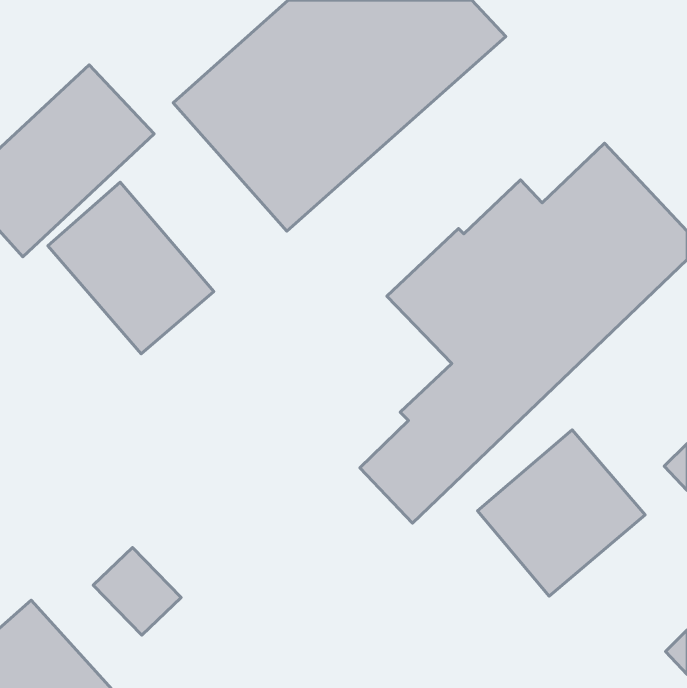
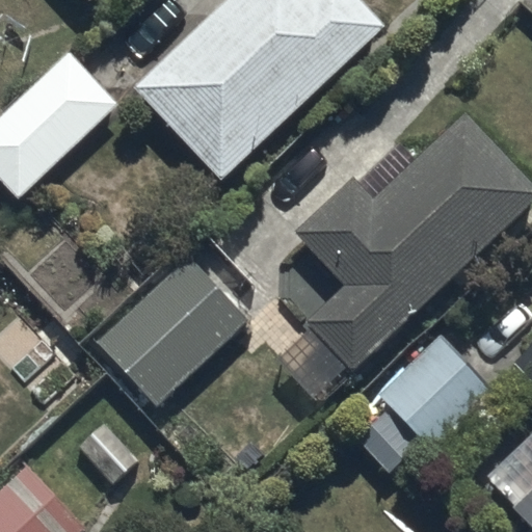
building: [48,182,214,354] -> none
building: none -> [88,249,249,407]

